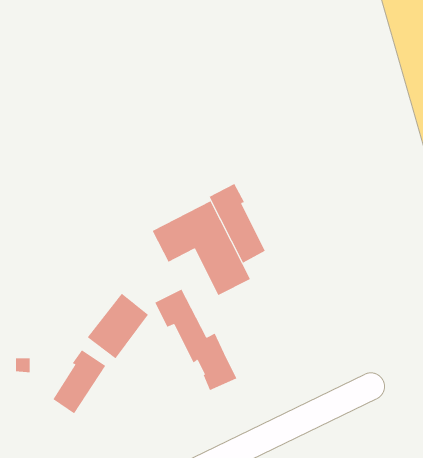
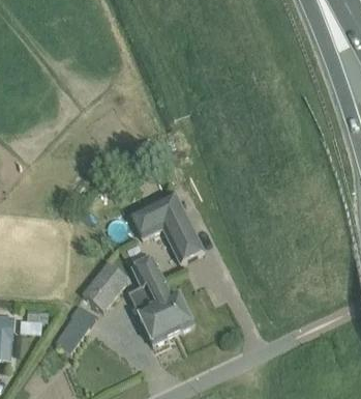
building: [209,183,266,263] -> none
building: none -> [128,285,174,345]

